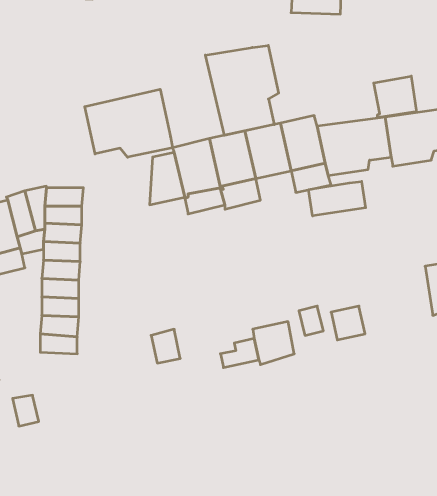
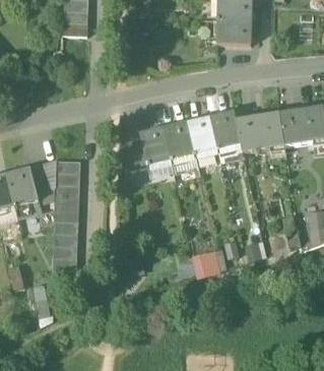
building: [205,45,279,135] -> none
building: [374,76,417,118] -> none
building: [85,89,173,157] -> none
building: [309,181,366,216] -> none

